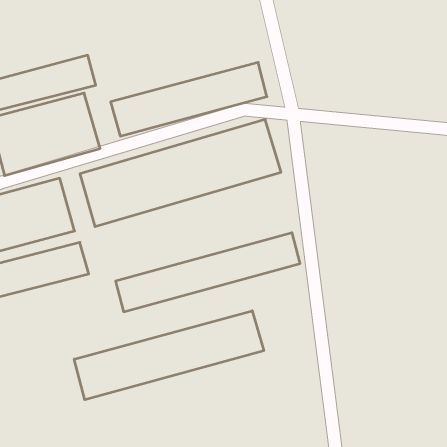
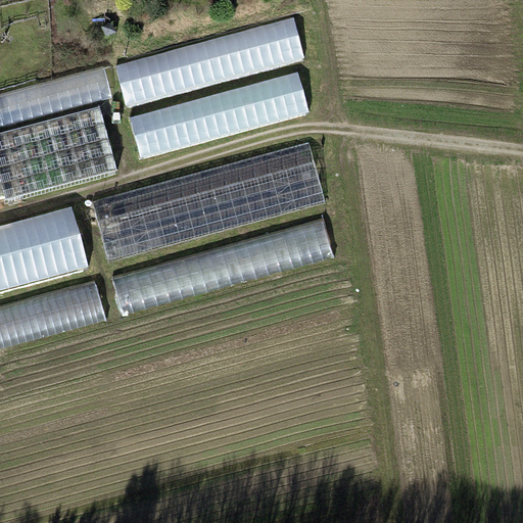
building: none -> [114,16,304,107]
building: [116,233,300,312] -> [113,221,328,313]
building: [74,311,264,400] -> none

